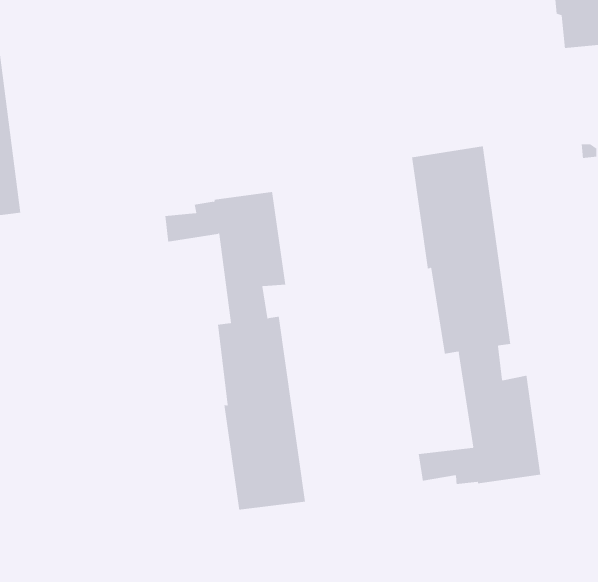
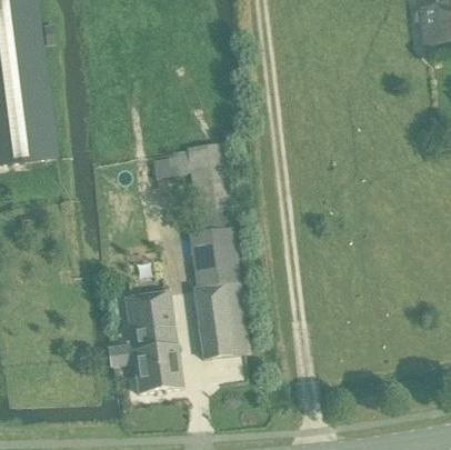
building: [412,145,541,485] -> none
building: none -> [108,290,182,391]

